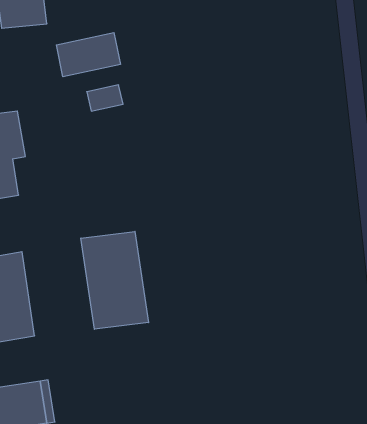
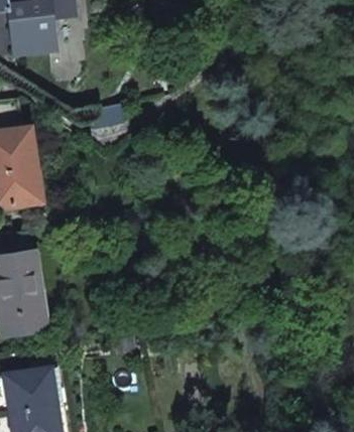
building: [56,33,120,77] -> none
building: [81,231,149,329] -> none

